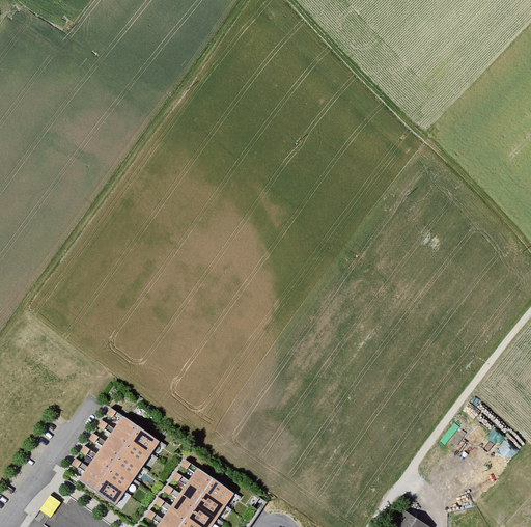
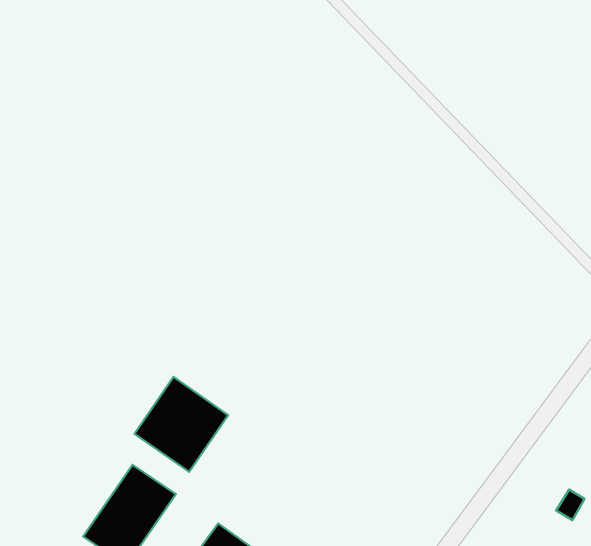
building: none -> [134,377,228,472]

